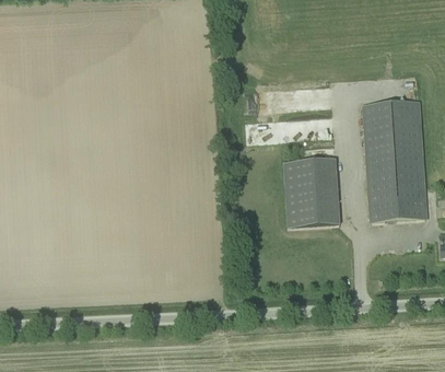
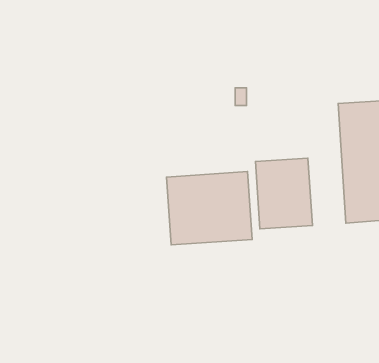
building: none -> [167,172,252,245]

